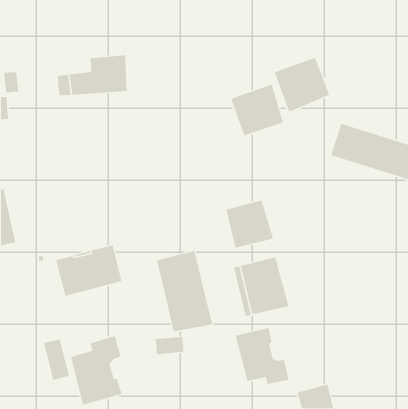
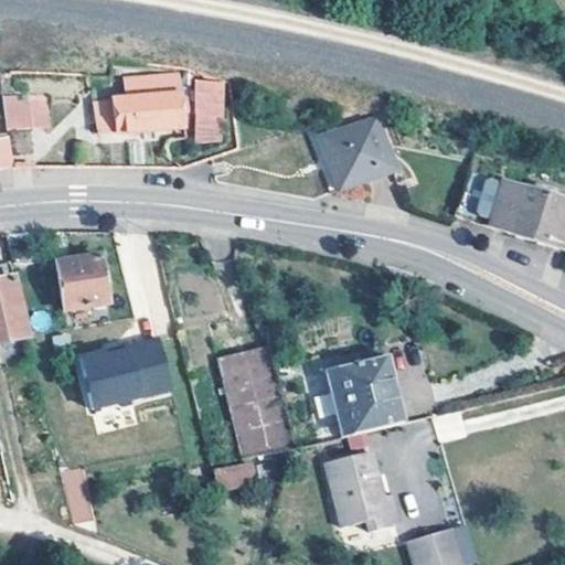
building: none -> [196,77,226,141]
building: [274,57,330,112] -> none
building: none -> [55,254,107,308]
building: [226,200,274,249] -> none
building: [70,335,123,406] -> none

